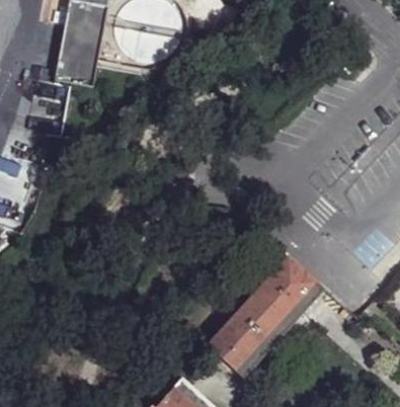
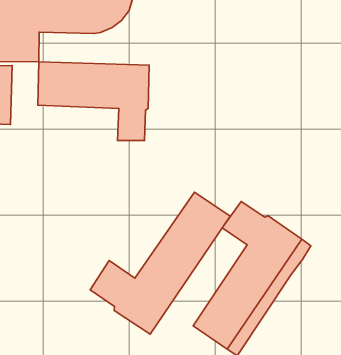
building: none -> [38,62,149,140]
building: none -> [90,192,230,334]

